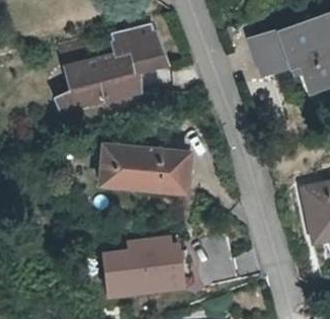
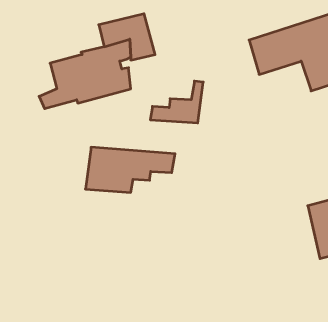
building: [141,149,189,187] -> [150,81,203,123]
building: [101,247,183,298] -> none

